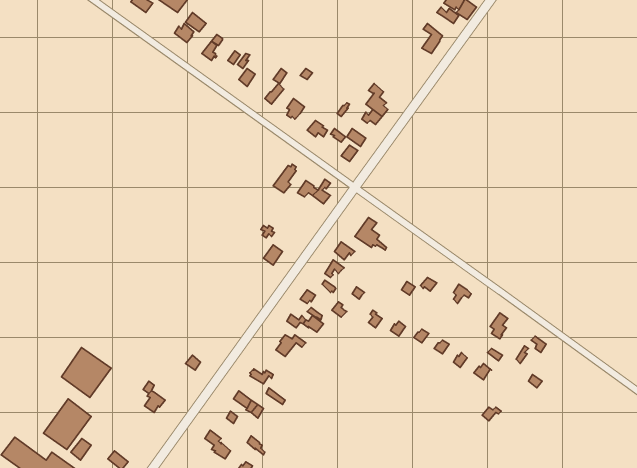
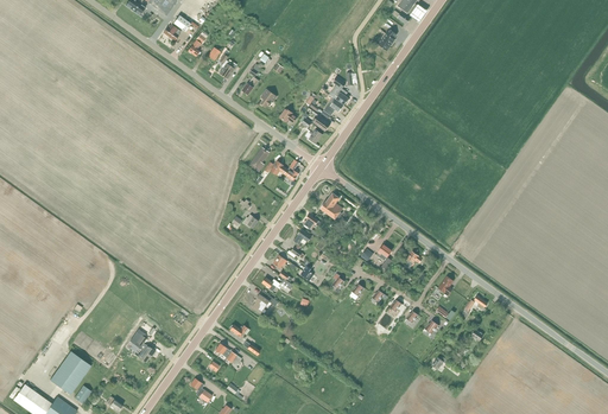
building: [61,347,111,398] -> none

